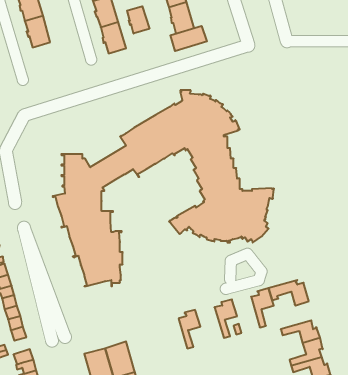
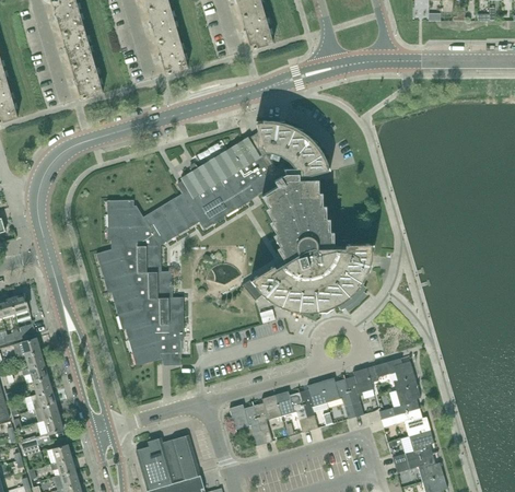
building: [127,6,149,34] -> none
building: [170,26,207,51] -> none
building: none -> [71,60,103,98]
building: none -> [320,377,355,419]
building: none -> [379,384,421,419]
building: none -> [274,390,311,432]
building: none -> [230,403,265,445]

